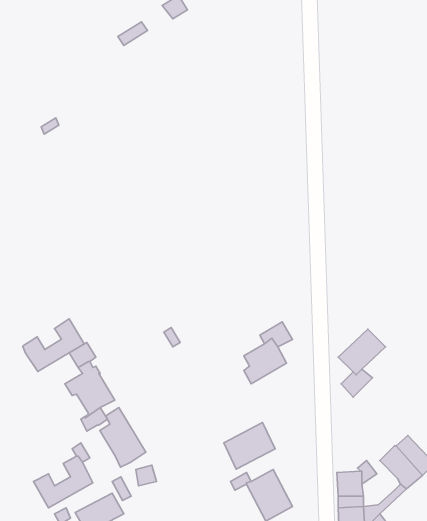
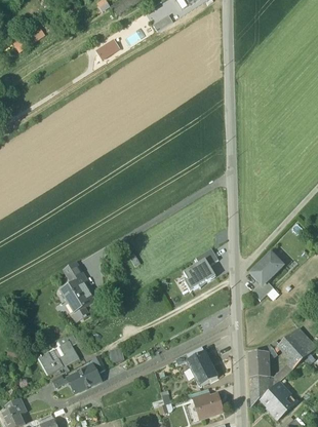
building: [23,319,84,371] -> none
building: [100,407,146,467] -> none
building: [224,423,275,469] -> none

